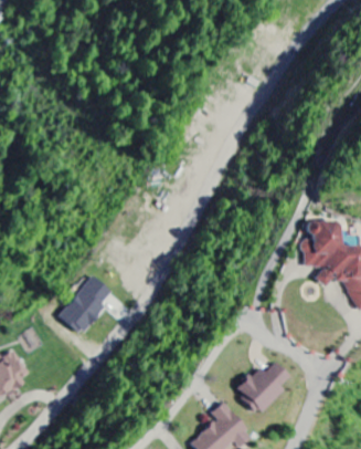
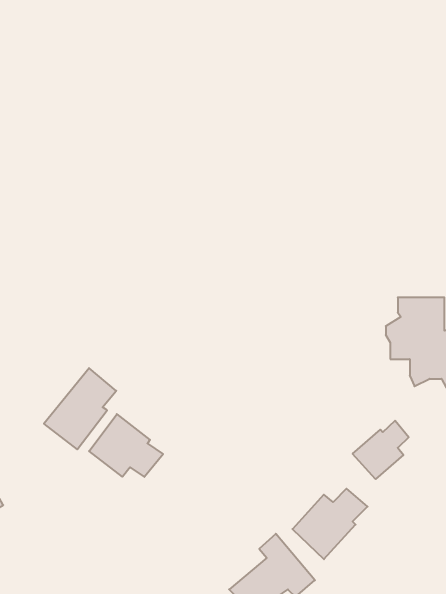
building: none -> [89,414,163,477]
building: none -> [353,421,409,479]

